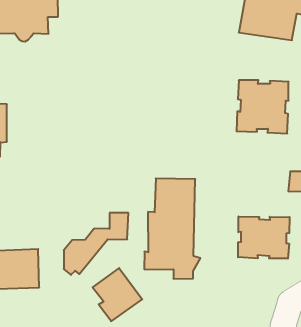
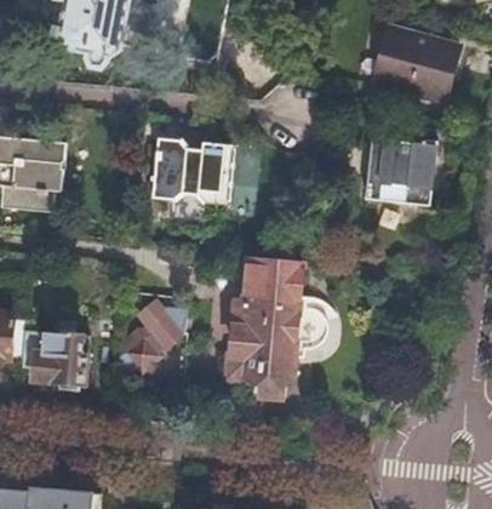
building: none -> [148,136,230,205]
building: [238,216,290,259] -> none
building: [93,268,142,321] -> none

